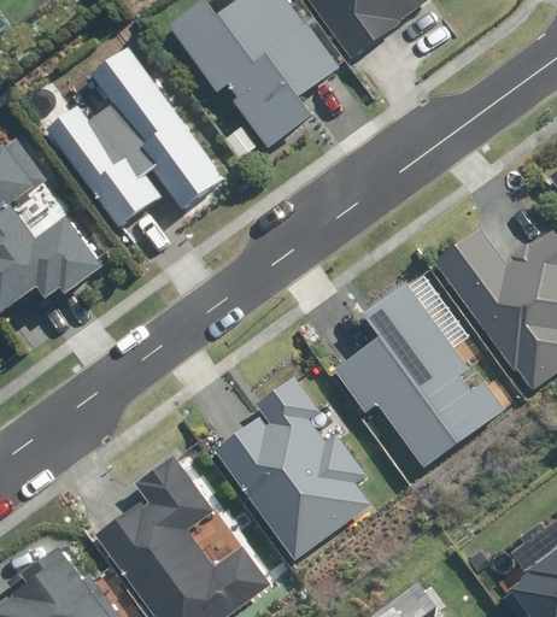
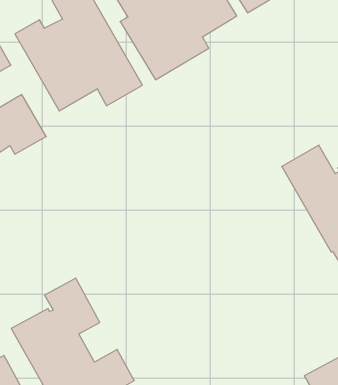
building: [334,278,516,469] -> none
building: [212,376,371,560] -> none

